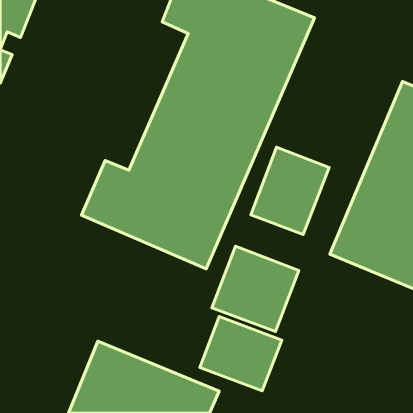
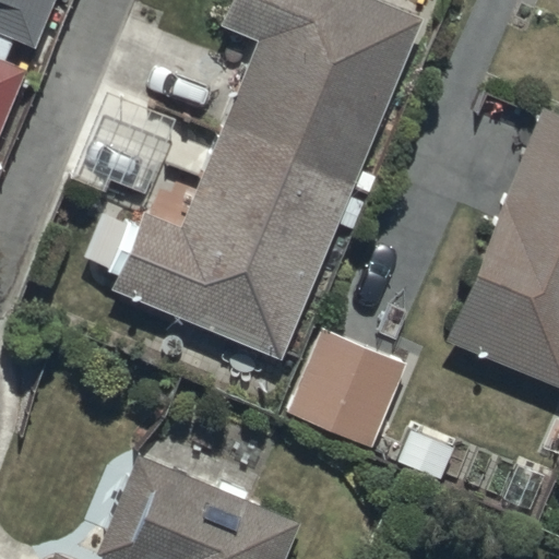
building: [251,147,329,234] -> none
building: [200,316,282,391] -> none

